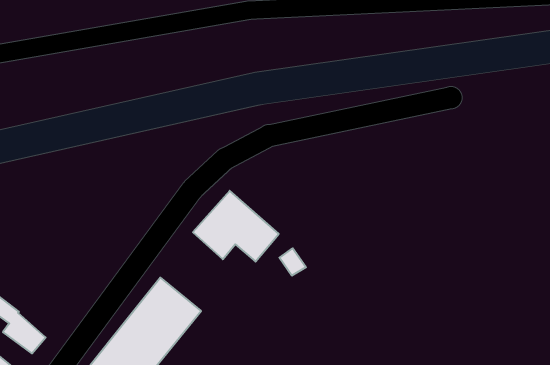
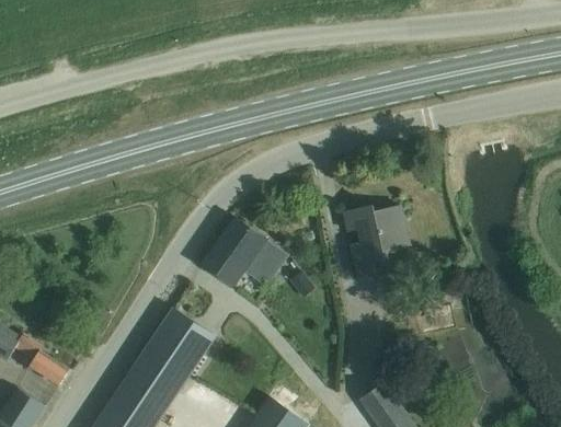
building: none -> [344,207,409,280]

